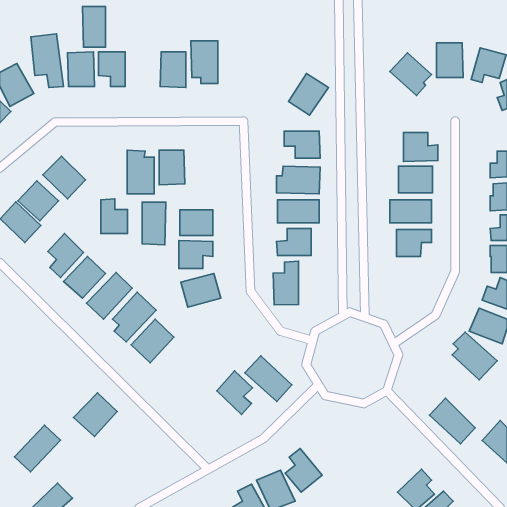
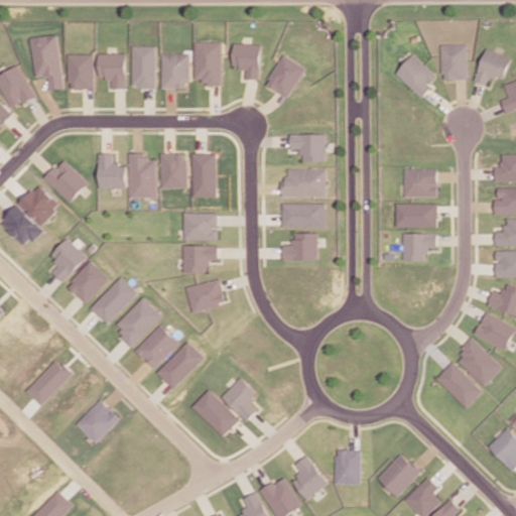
building: [83,6,106,47] -> [133,46,156,88]
building: none -> [232,43,260,80]
building: [289,74,328,115] -> [264,55,304,98]
building: [404,132,438,162] -> none
building: [101,199,128,233] -> [98,153,125,188]
building: [142,202,166,245] -> [192,154,217,198]
building: [273,261,298,305] -> none
building: none -> [154,342,202,388]
building: [245,356,292,402] -> [189,390,237,436]
building: [430,398,475,444] -> [436,362,483,408]
building: [15,425,60,472] -> [24,359,71,406]
building: none -> [334,449,360,485]
building: none -> [377,453,420,497]

